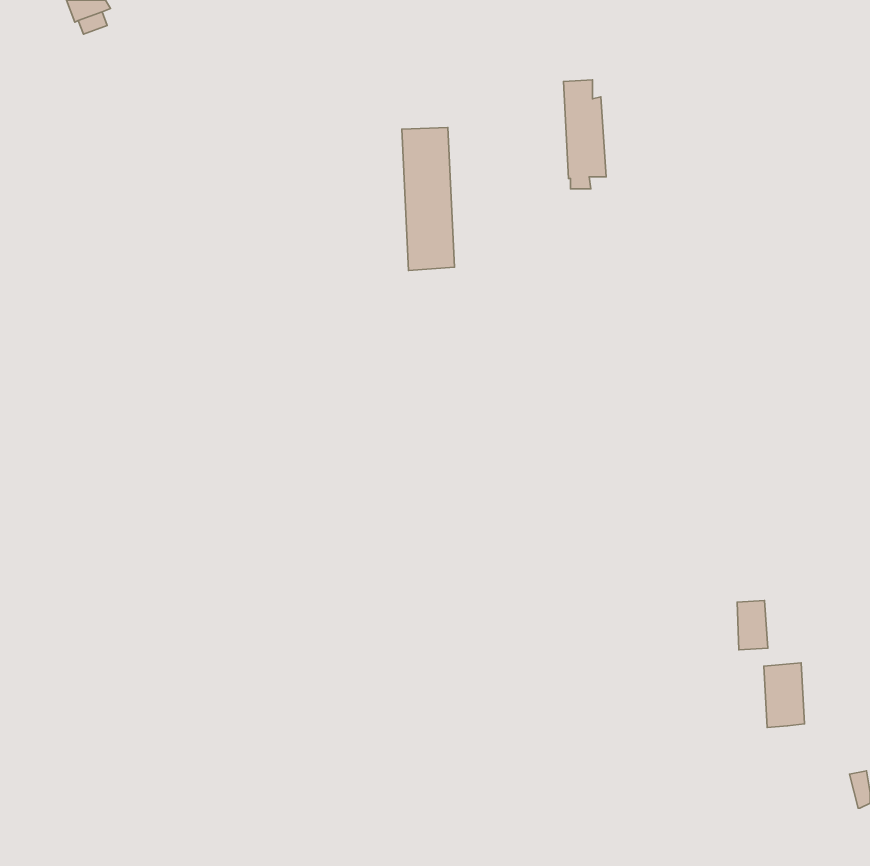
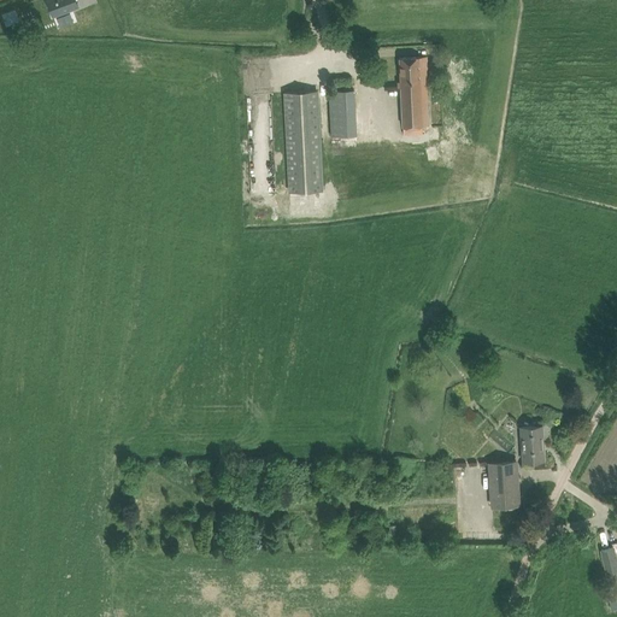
building: none -> [328,90,354,140]
building: [764,663,805,727] -> [489,463,518,509]

